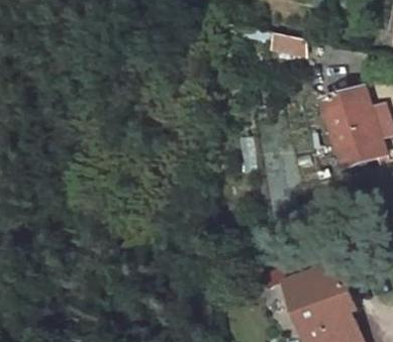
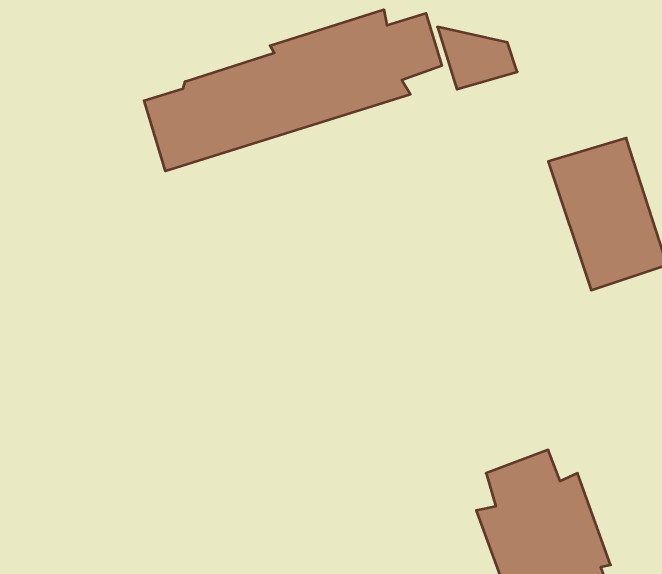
building: none -> [144,10,442,171]

